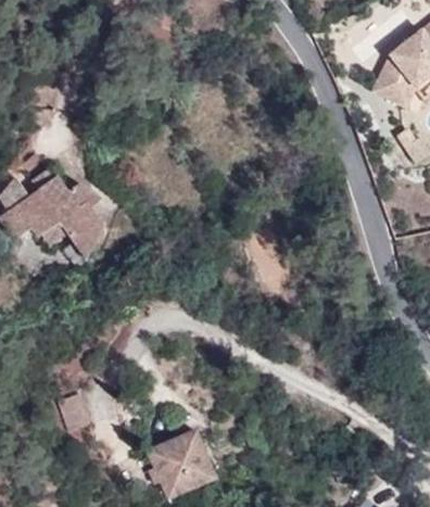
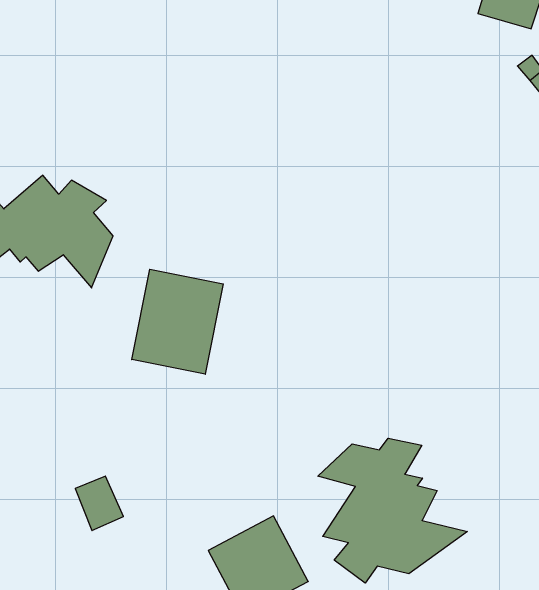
building: none -> [132,269,223,374]
building: none -> [318,438,467,583]

